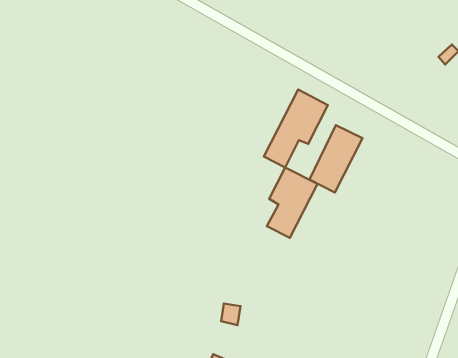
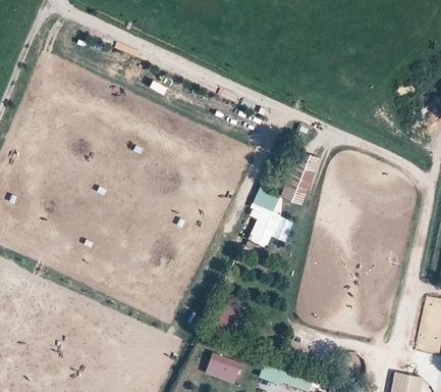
building: [264,90,328,168] -> none

